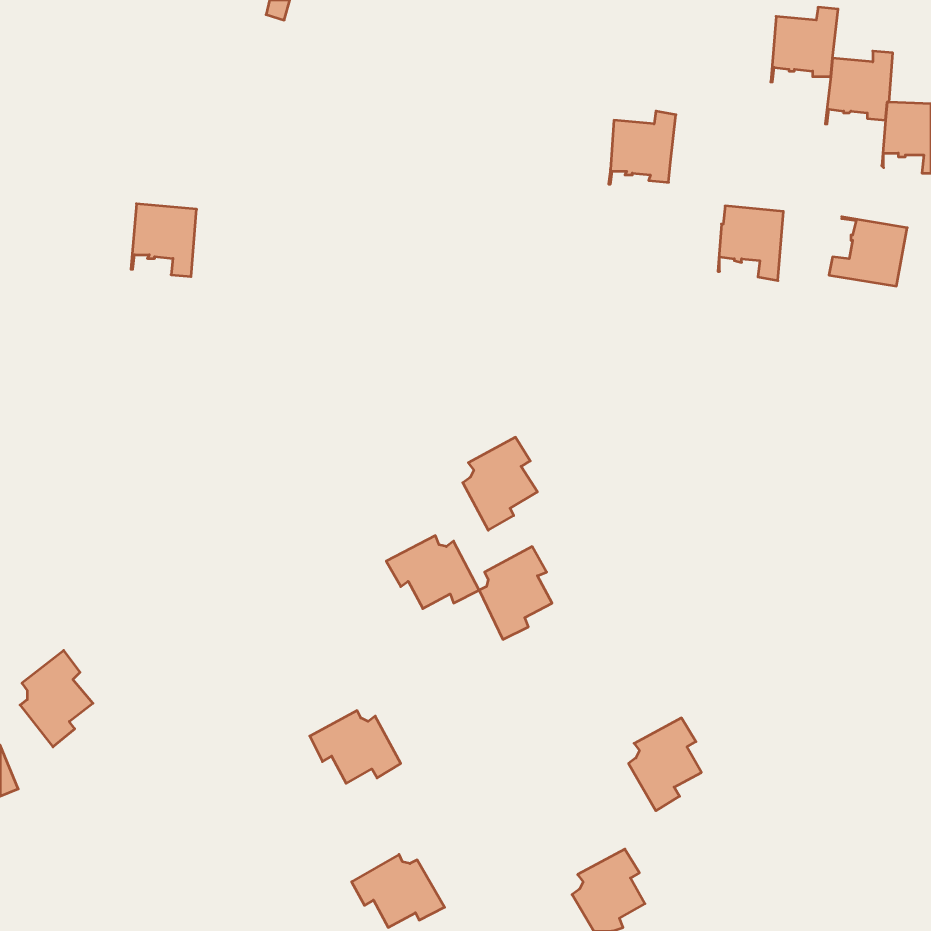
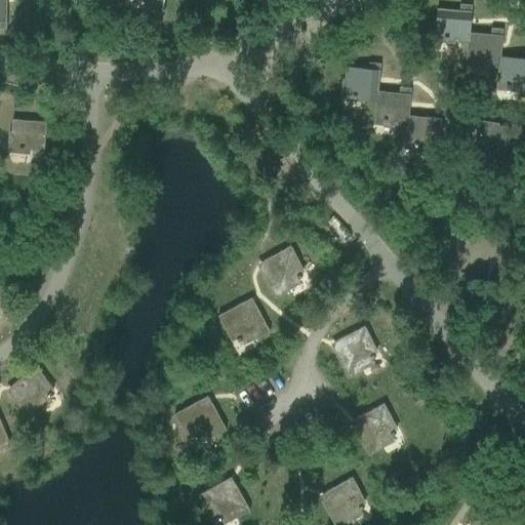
building: none -> [373,87,411,128]
building: [131,204,197,277] -> [9,120,46,161]
building: [479,547,552,639] -> [334,326,375,378]

